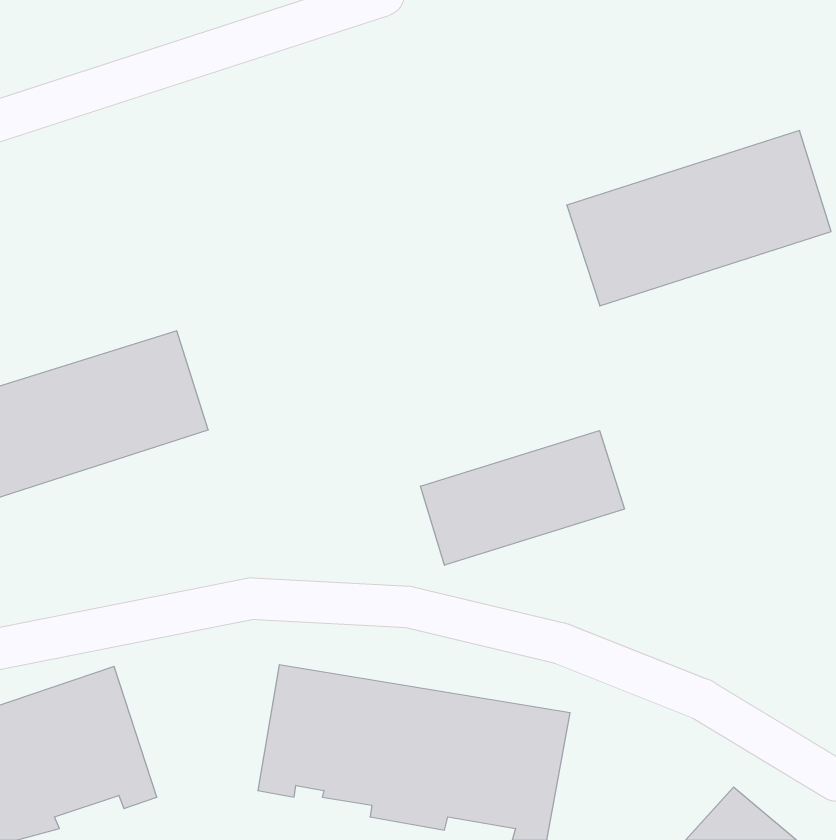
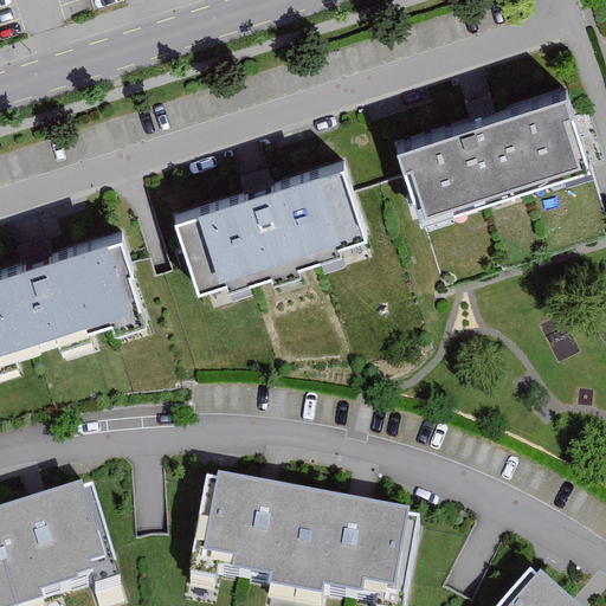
building: none -> [179,166,368,290]
building: [420,431,624,565] -> none

